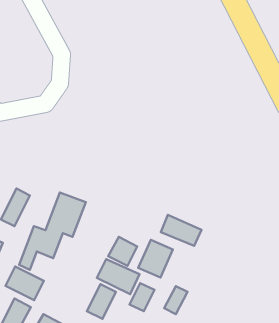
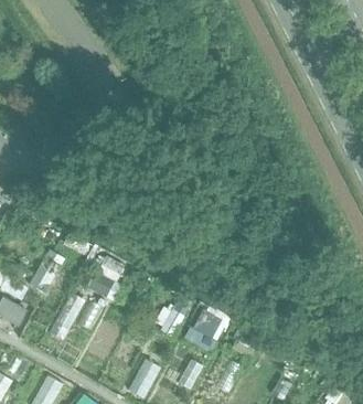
building: [161,215,201,246] -> none
building: [97,259,140,294] -> none
building: [5,266,44,300] -> none

